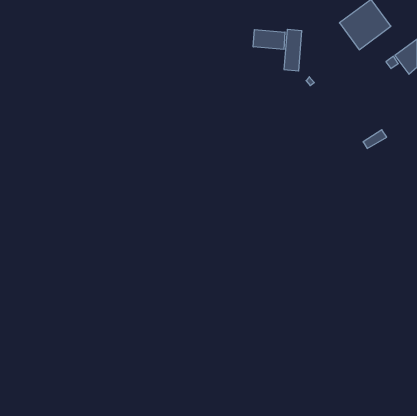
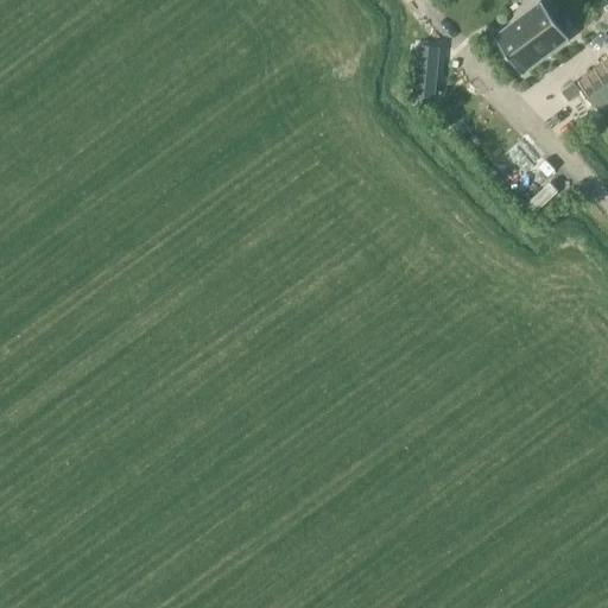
building: [253,30,285,49] -> none

